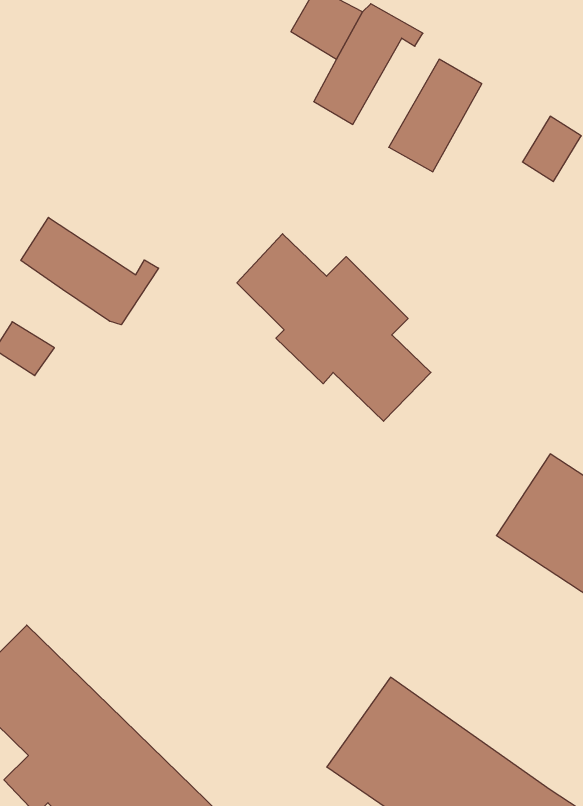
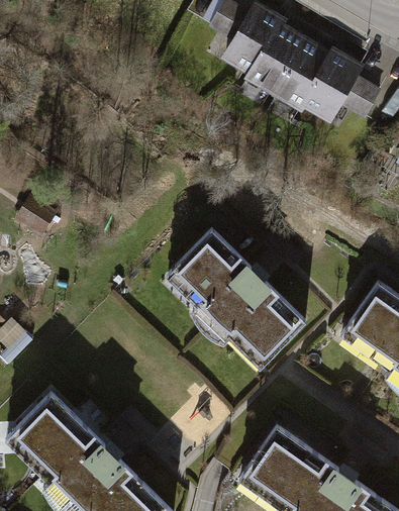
building: none -> [251,27,305,95]
building: none -> [301,52,368,129]
building: [21,217,159,325] -> none
building: [237,234,431,421] -> [172,238,292,354]

